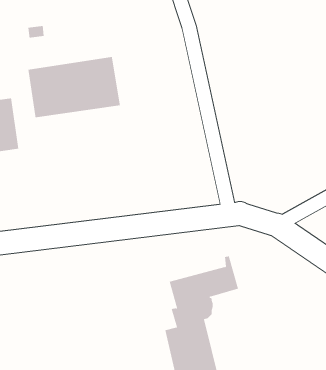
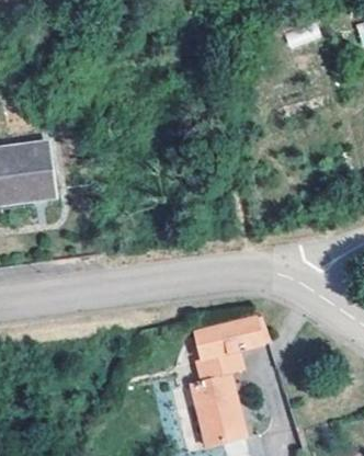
building: [28,56,121,118] -> none

